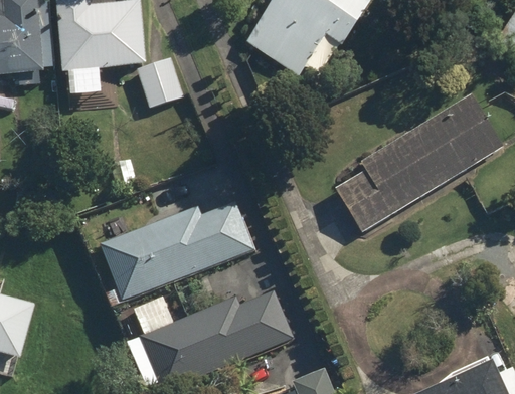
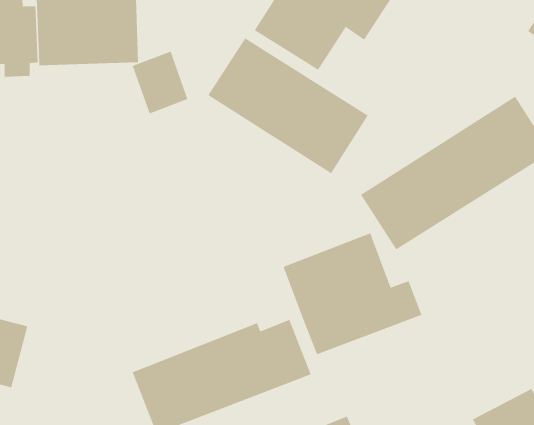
building: none -> [208,37,369,174]
building: [107,202,253,297] -> none
building: none -> [283,232,422,355]

